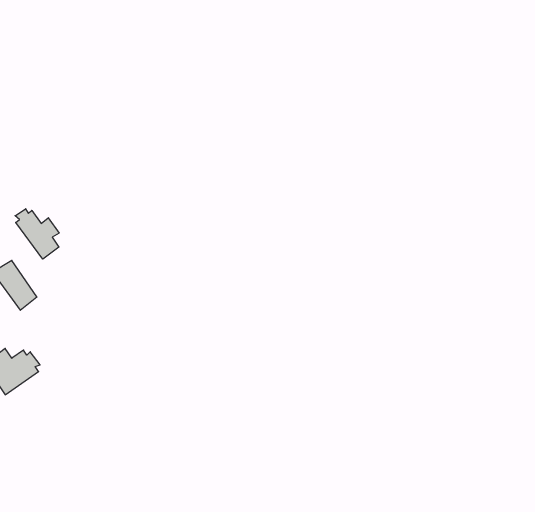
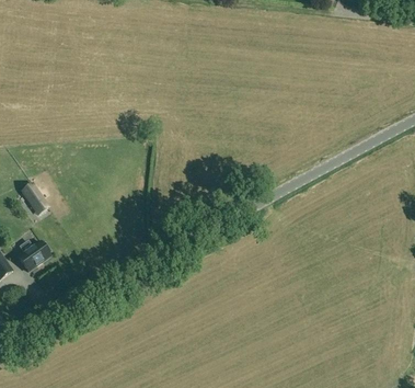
building: [15,209,59,259] -> none

